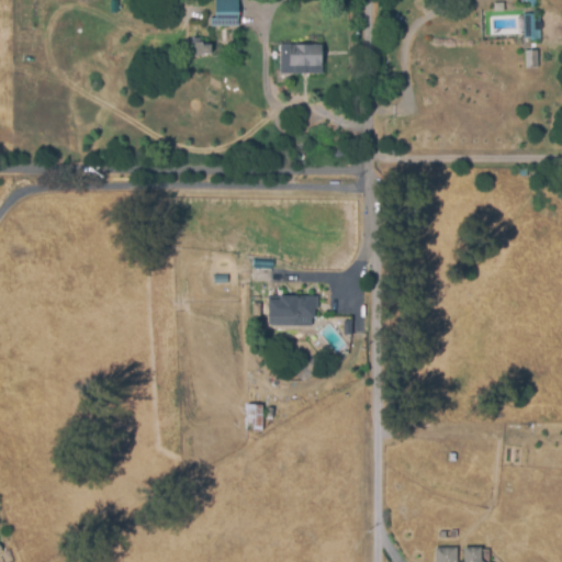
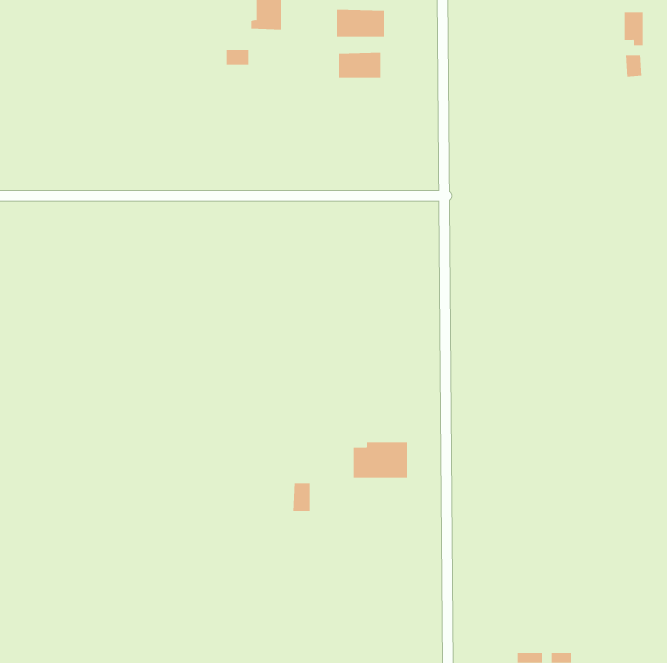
building: none -> [336,9,384,37]
building: [269,296,315,327] -> [353,442,408,478]

